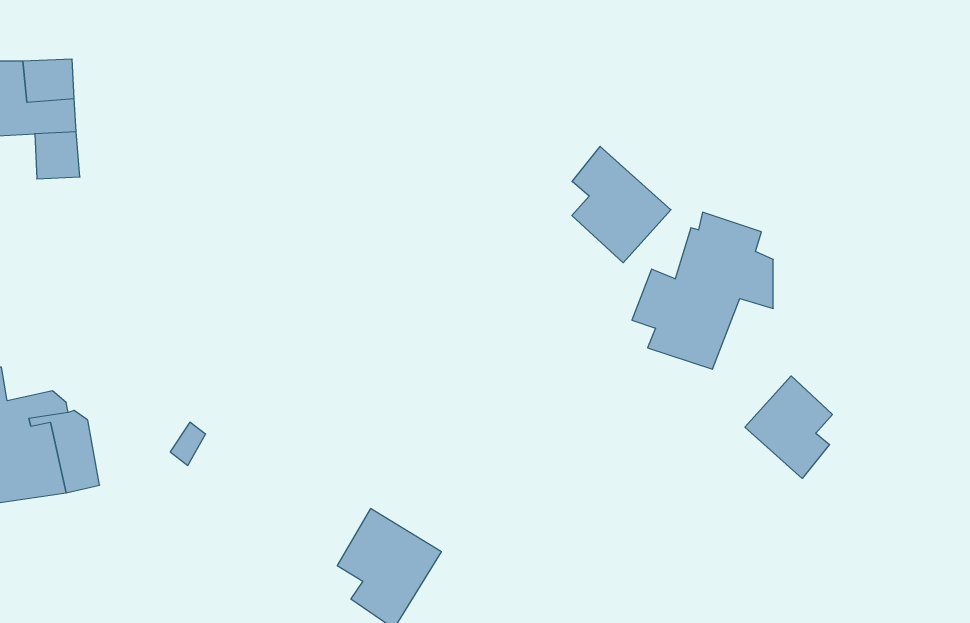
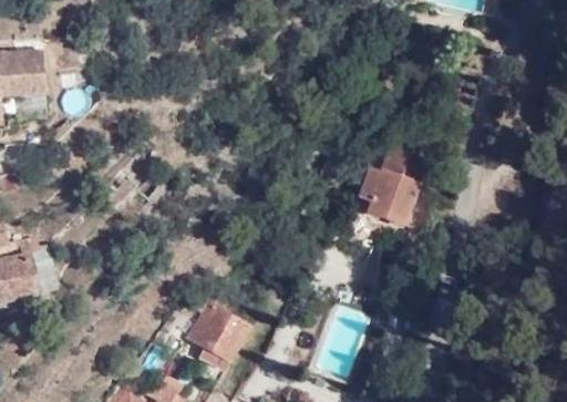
building: [572,146,671,263] -> none
building: [745,376,832,478] -> none

